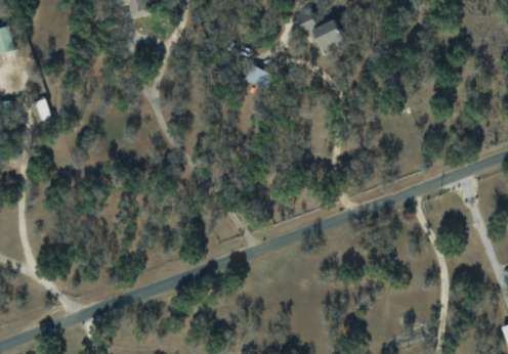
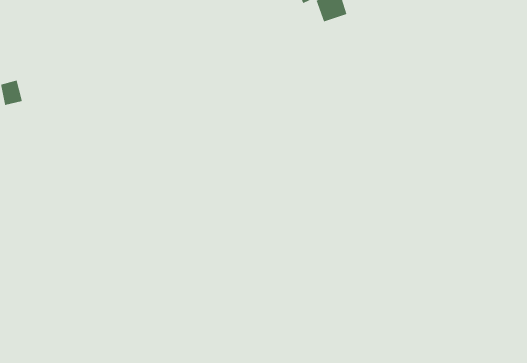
building: [244,63,272,88] -> none

